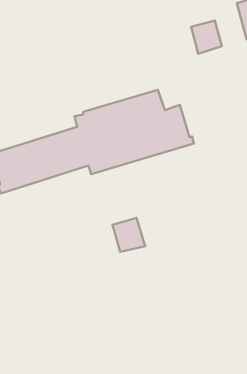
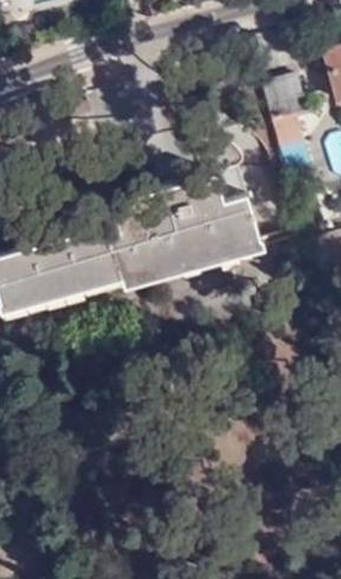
building: [113,218,145,252] -> none

